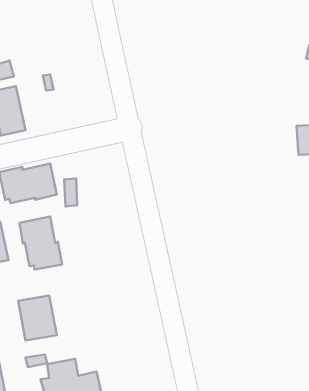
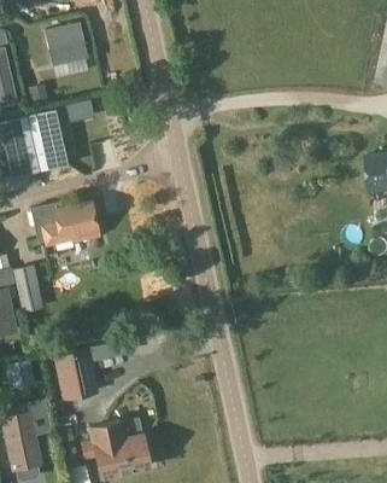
building: none -> [45,22,89,65]
building: [20,216,62,269] -> none

